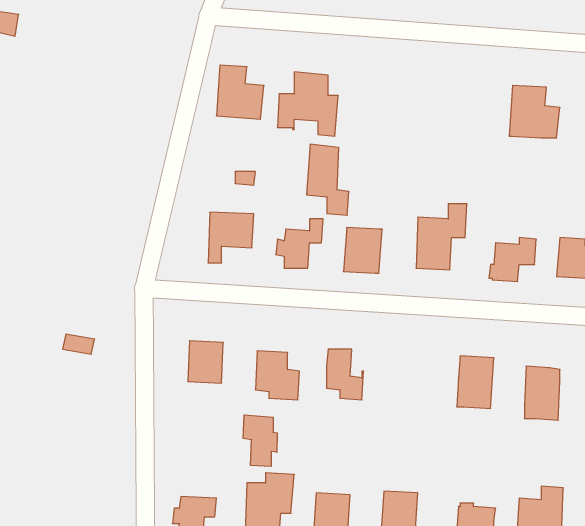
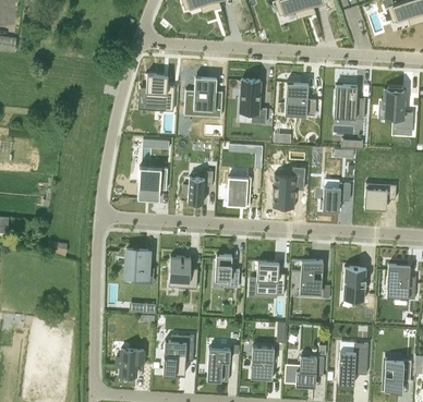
building: none -> [281,83,315,117]
building: [307,144,349,215] -> [239,80,266,125]
building: none -> [255,263,285,296]
building: [243,415,277,466] -> none

